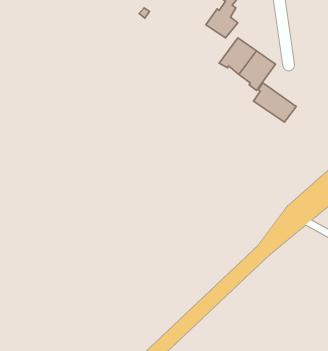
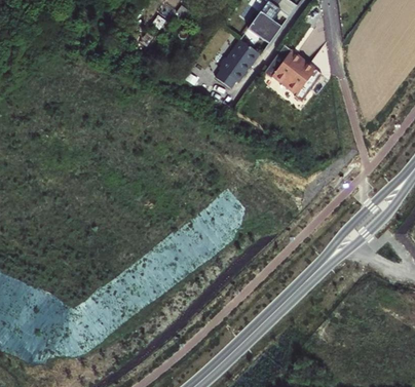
building: none -> [216,39,259,88]
building: [254,83,296,122] -> none

